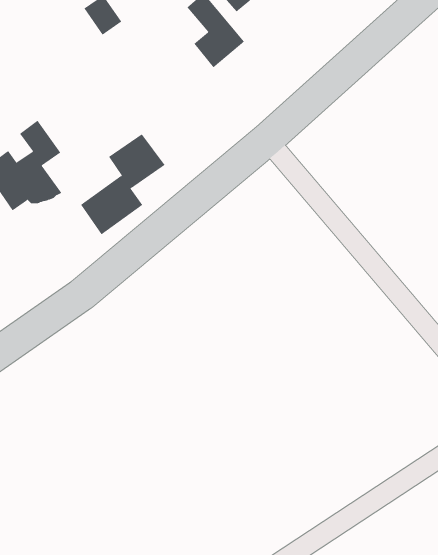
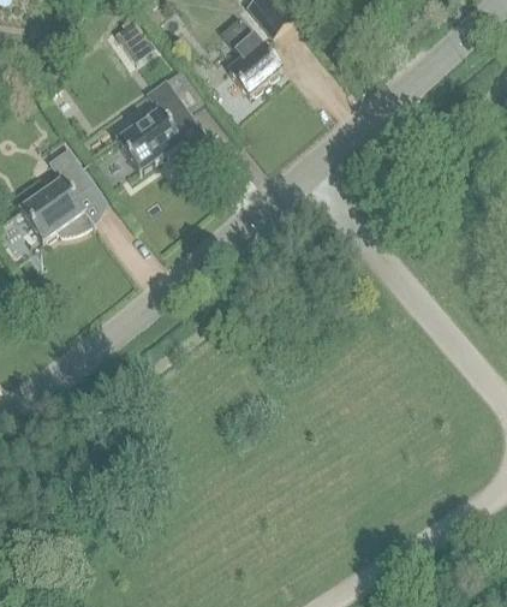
building: [80,133,165,235] -> [117,67,204,172]

